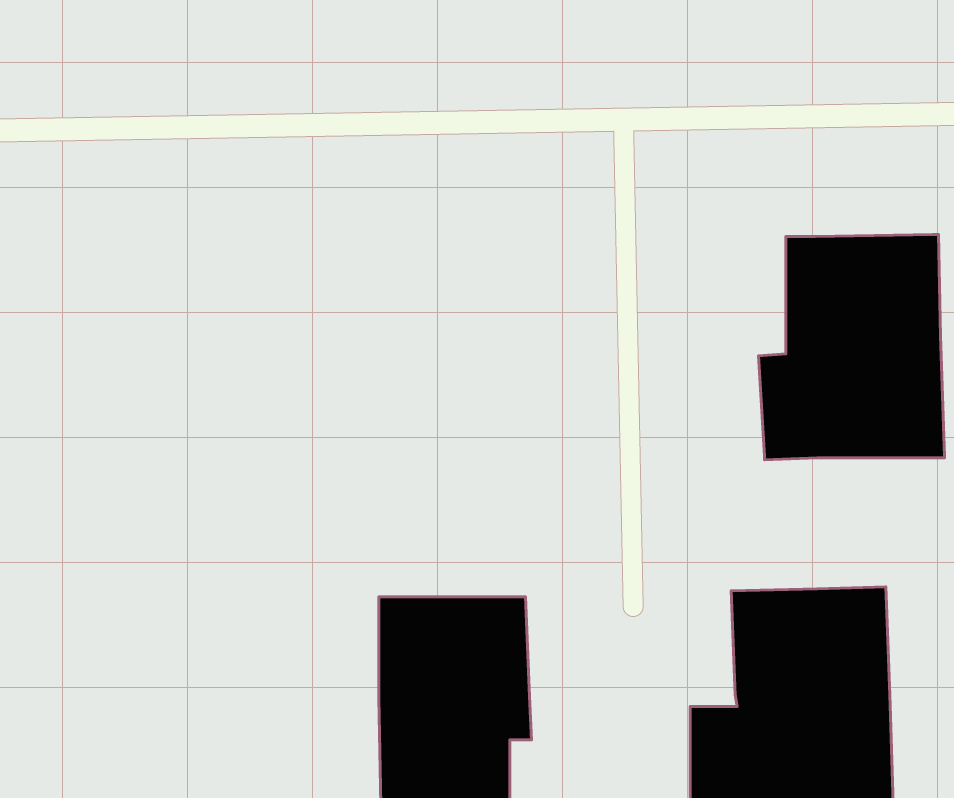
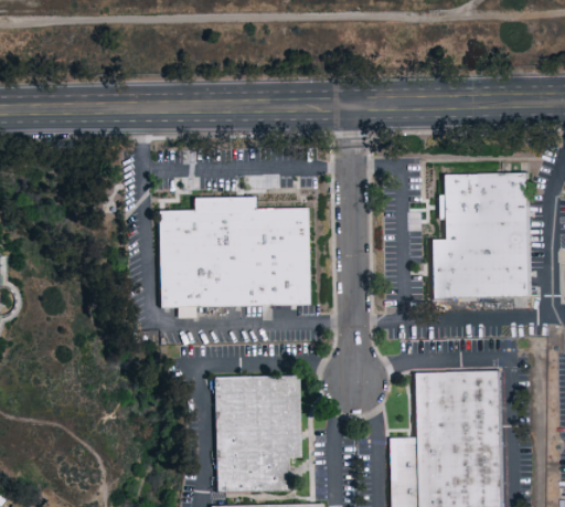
building: none -> [160,197,310,306]

